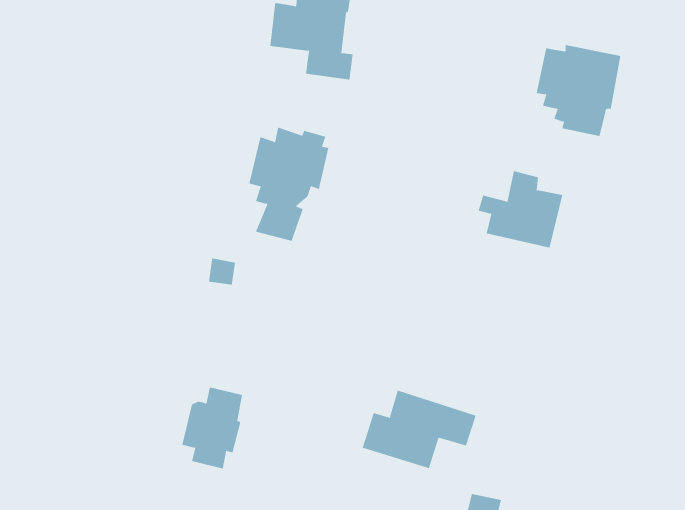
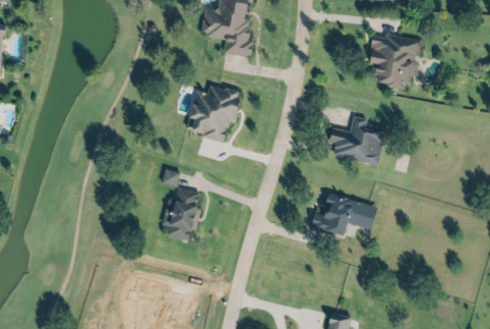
building: [182,387,243,469] -> [160,187,198,239]
building: [362,390,476,469] -> [302,191,374,241]

